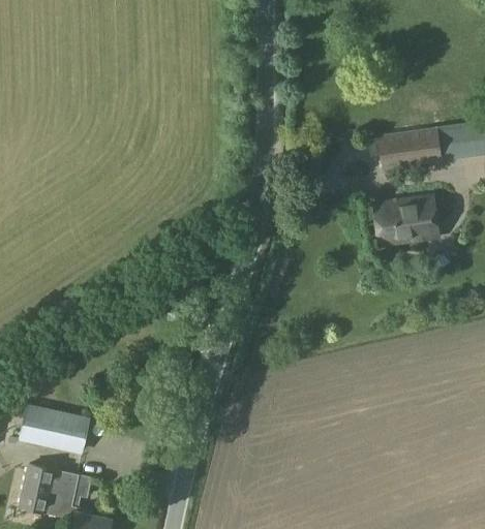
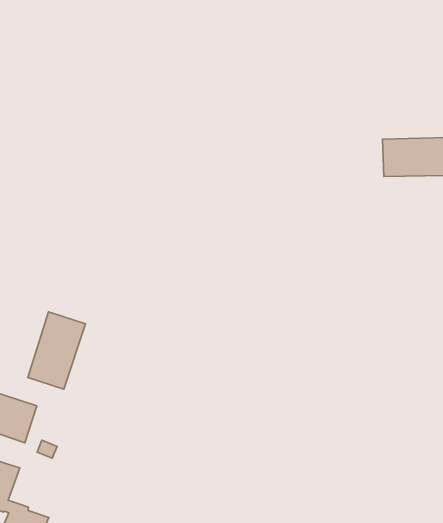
building: [375,195,438,244] -> none
building: none -> [28,312,86,389]

